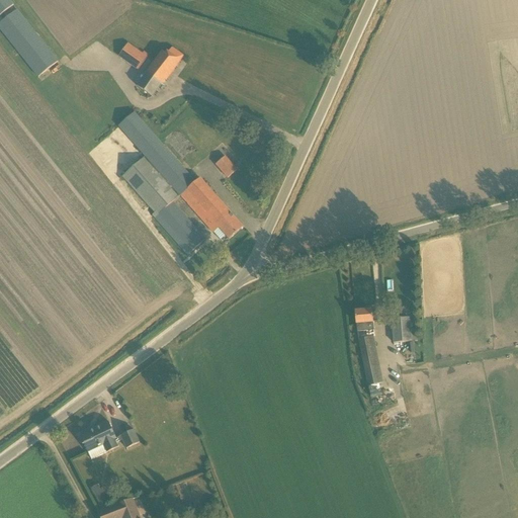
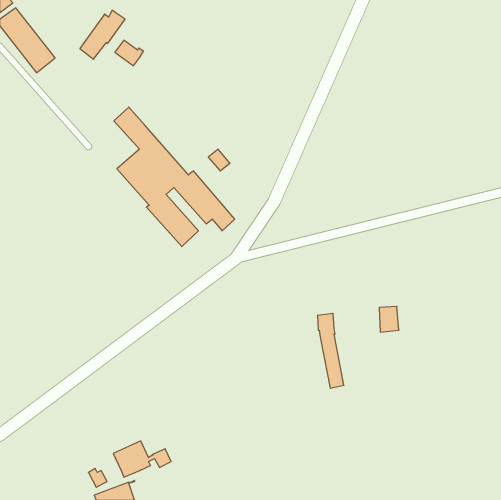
building: [137,45,183,95] -> [80,10,125,59]
building: [355,308,382,384] -> [317,313,344,388]
building: [79,420,139,457] -> [113,441,171,477]

